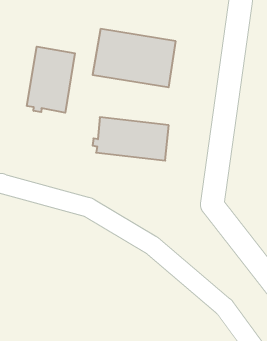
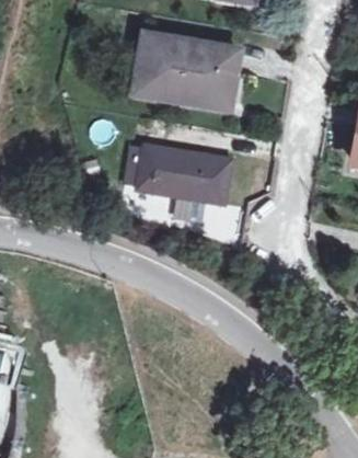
building: [27,47,75,113] -> none

